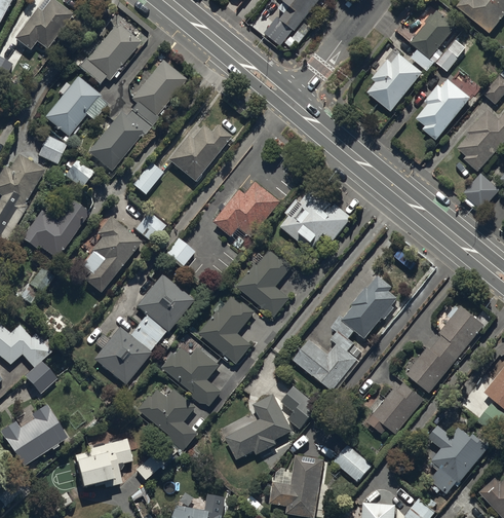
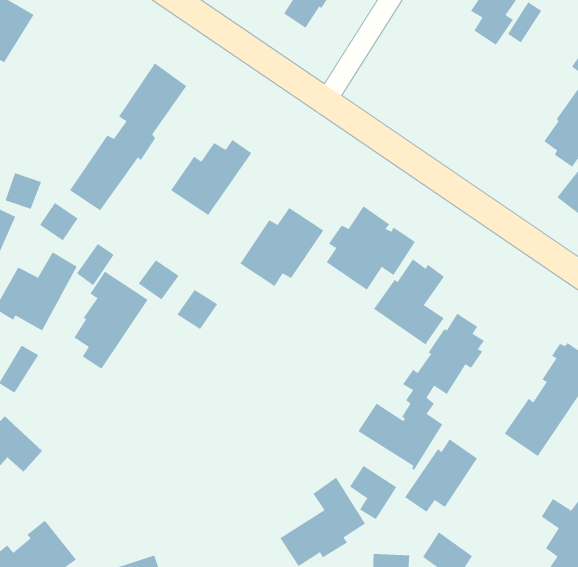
building: [78,22,140,84] -> none
building: [367,52,422,111] -> none
building: [44,75,107,136] -> none
building: [416,78,470,140] -> none
building: [131,162,162,195] -> [76,243,114,286]
building: [236,249,294,317] -> [373,258,445,345]
building: [92,273,194,385] -> none
building: [199,296,255,363] -> none
building: [161,346,222,406] -> none
building: [24,359,60,394] -> none
building: [364,381,424,437] -> [404,438,478,512]
building: [138,387,199,449] -> none

